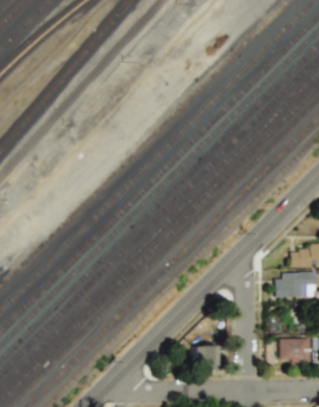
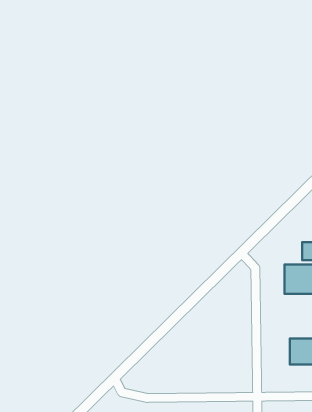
building: [193,345,219,368] -> none

